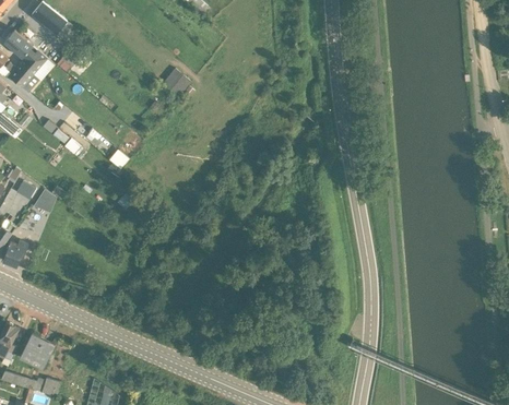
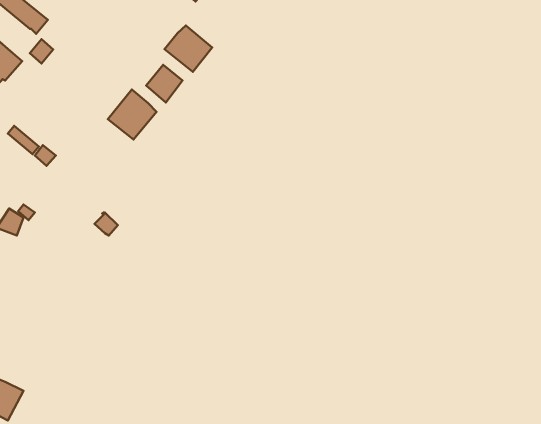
building: none -> [165,26,212,72]
building: none -> [108,89,157,140]

